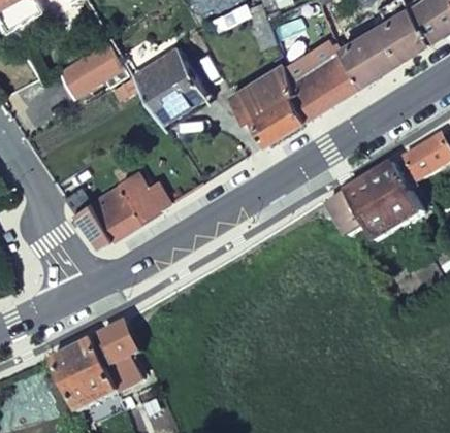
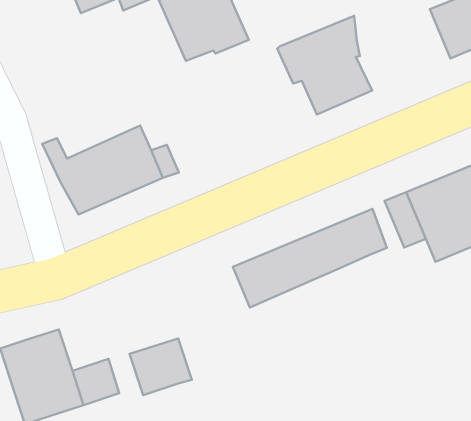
building: [288,49,361,119] -> none
building: none -> [233,209,387,307]
building: [96,321,147,368] -> [130,338,192,395]

